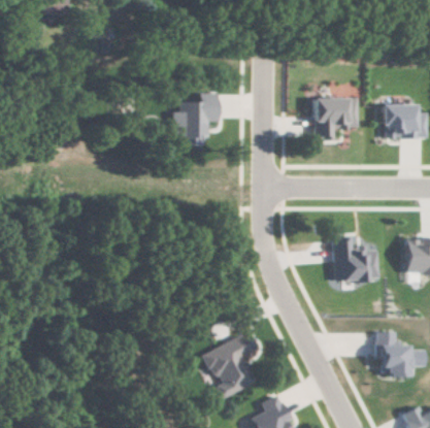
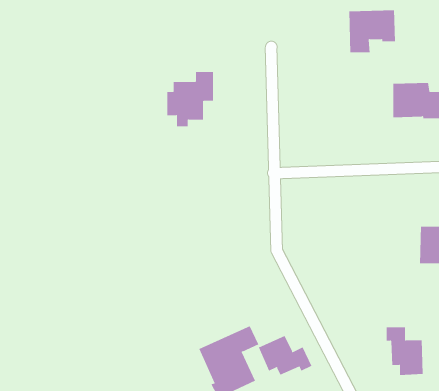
building: [313,97,358,137] -> [348,10,396,53]
building: [333,237,379,282] -> none
building: none -> [258,335,312,375]

